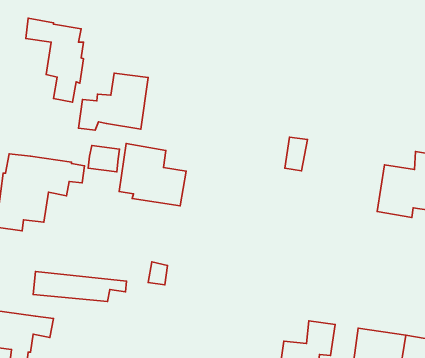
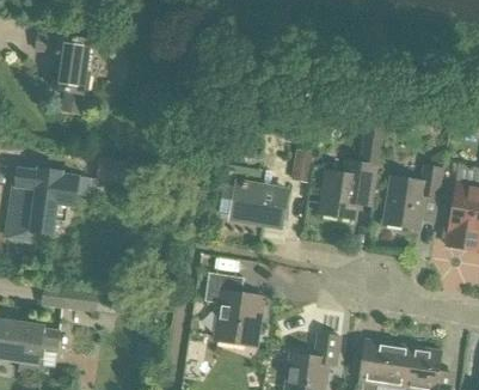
building: [78,73,148,130] -> none
building: none -> [319,123,383,218]
building: [119,143,186,206] -> [219,163,285,225]
building: none -> [204,272,263,347]

